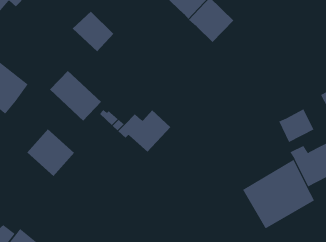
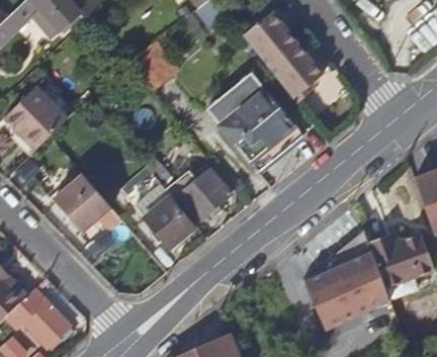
building: none -> [194,57,302,171]
building: [49,70,102,121] -> [134,185,194,249]
building: [279,109,314,143] -> none

